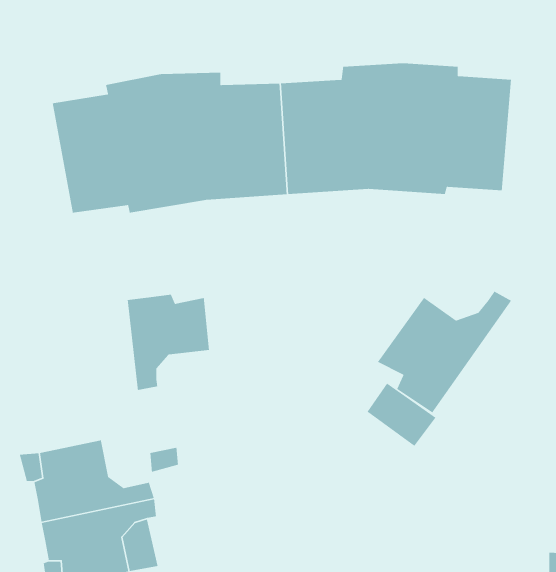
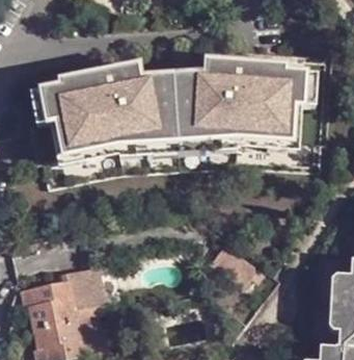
building: [377,291,512,414] -> none
building: [127,294,210,391] -> none

